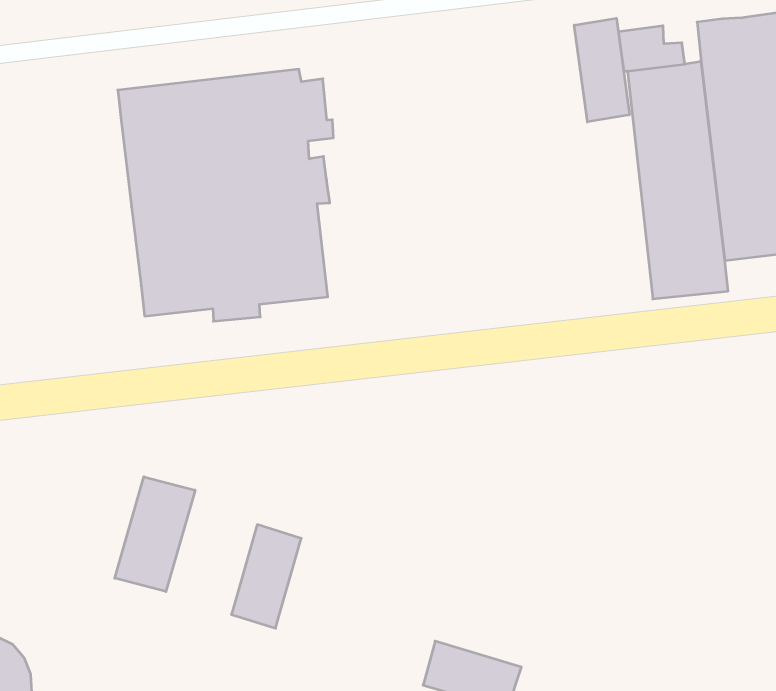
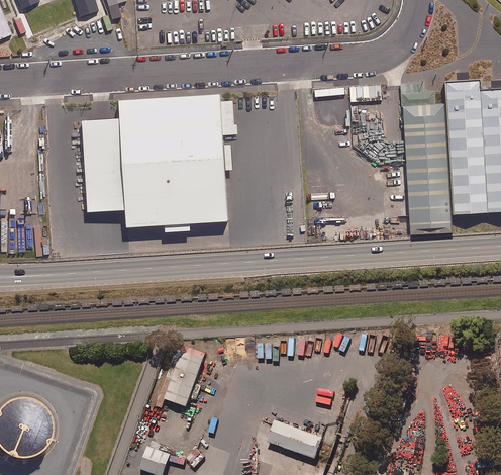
building: [574,18,629,122] -> none
building: none -> [82,117,124,212]
building: [115,477,195,592] -> none

